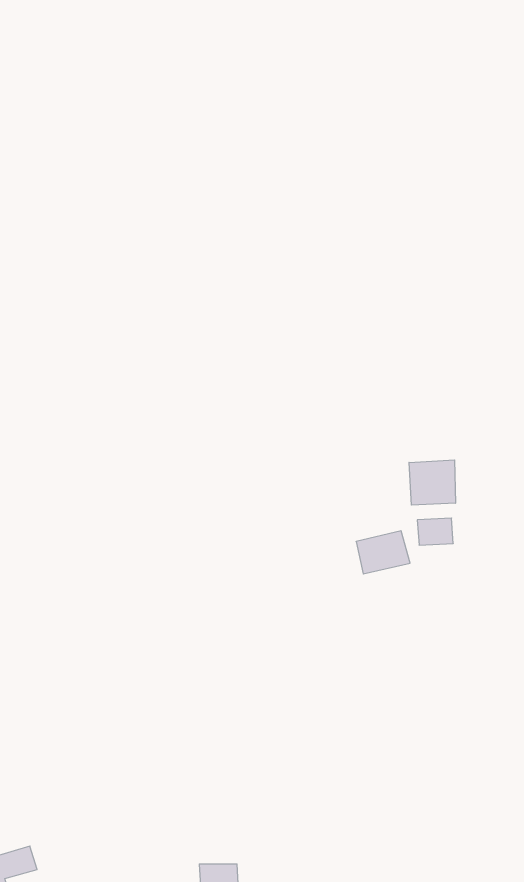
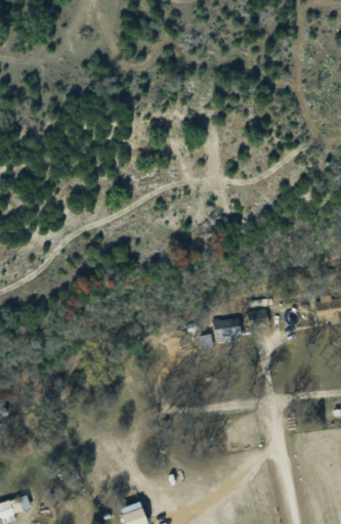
building: [409,460,455,505] -> none

